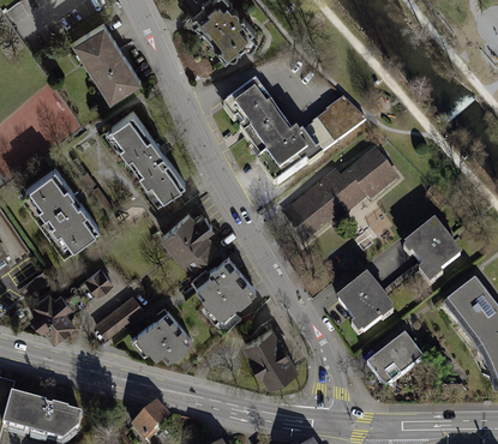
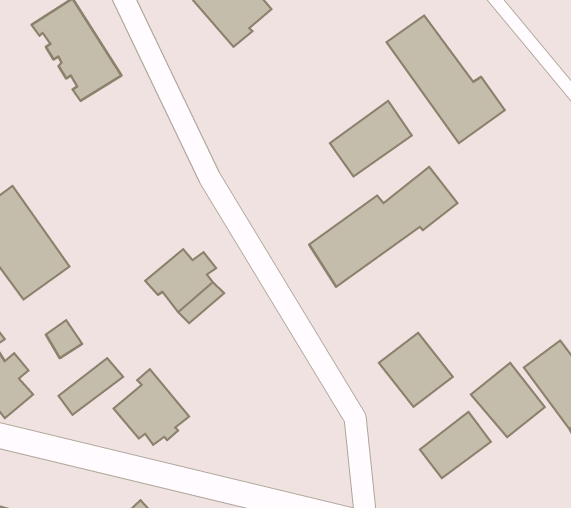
building: [227,86,317,184] -> [386,15,505,143]
building: [112,113,186,204] -> none
building: [404,222,461,278] -> [471,363,545,437]
building: [192,258,253,322] -> none
building: [245,328,296,385] -> none

